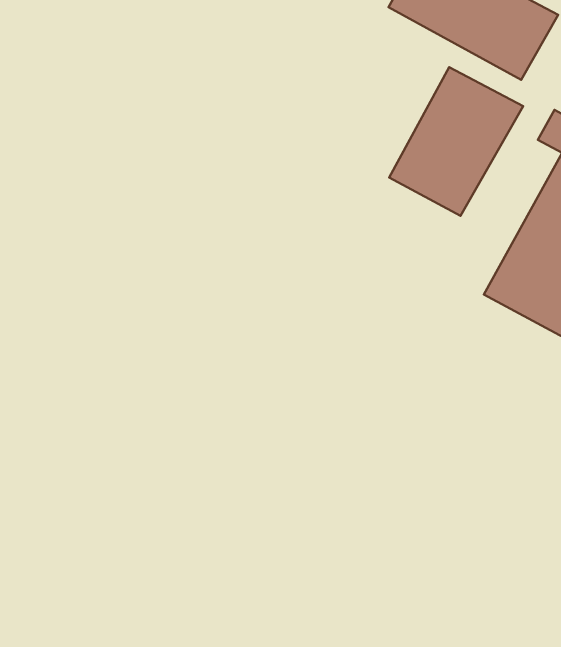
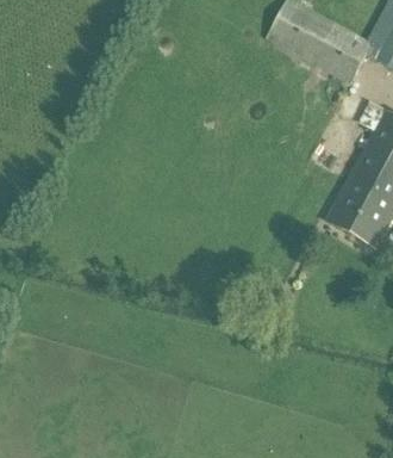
building: [389,67,523,216] -> none

